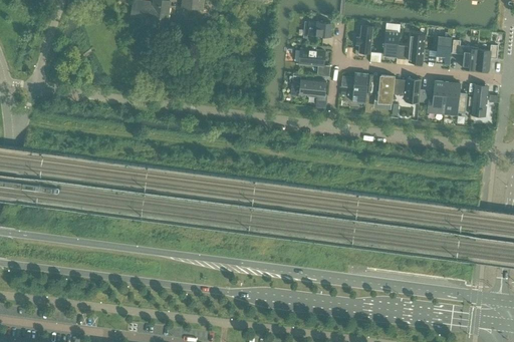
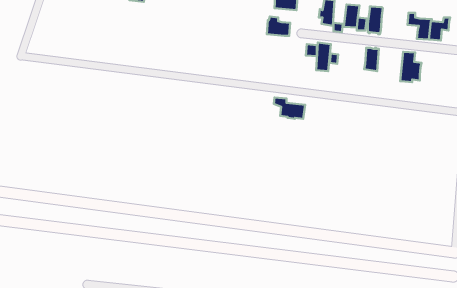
building: [435,37,452,65] -> none
building: [292,74,326,97] -> [274,97,305,119]
building: [377,76,395,104] -> none
building: [428,81,447,115] -> none
building: [471,86,487,117] -> none

